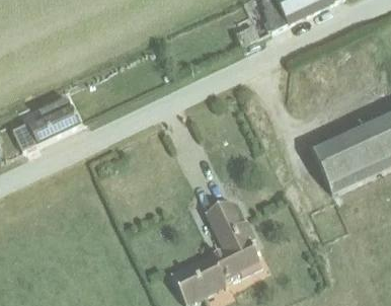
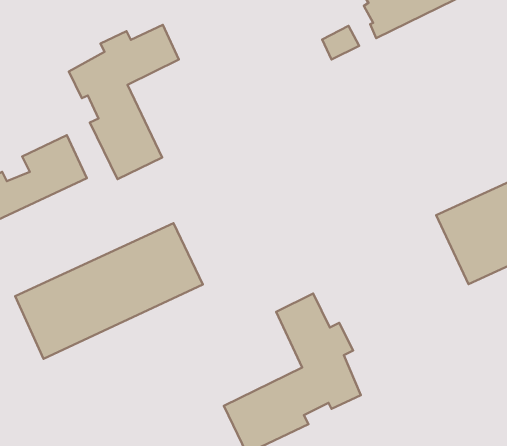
building: none -> [69,25,179,179]
building: none -> [15,223,203,359]

